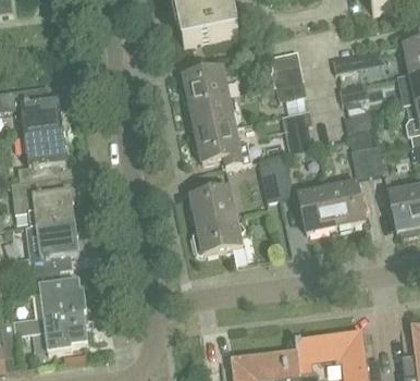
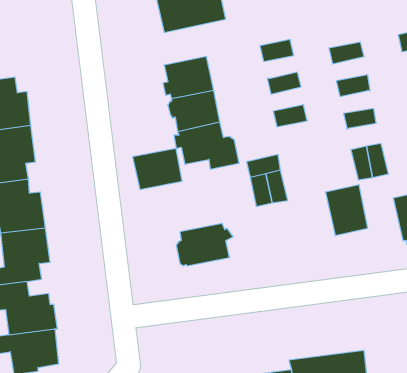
building: [190,186,235,223] -> [133,148,182,190]
building: [298,187,336,232] -> none

